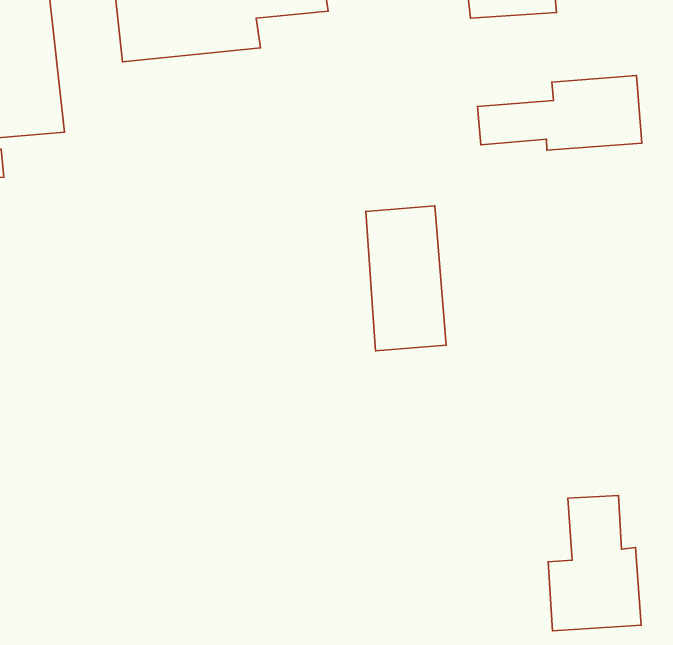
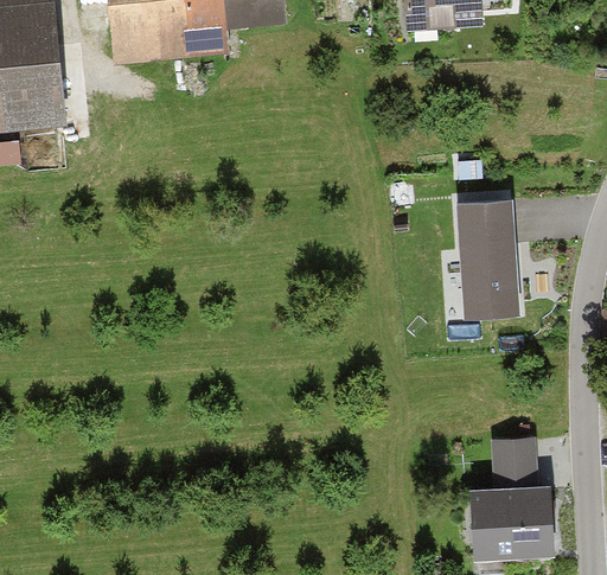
building: [477,75,642,150] -> none
building: [366,206,446,351] -> [452,193,519,315]

